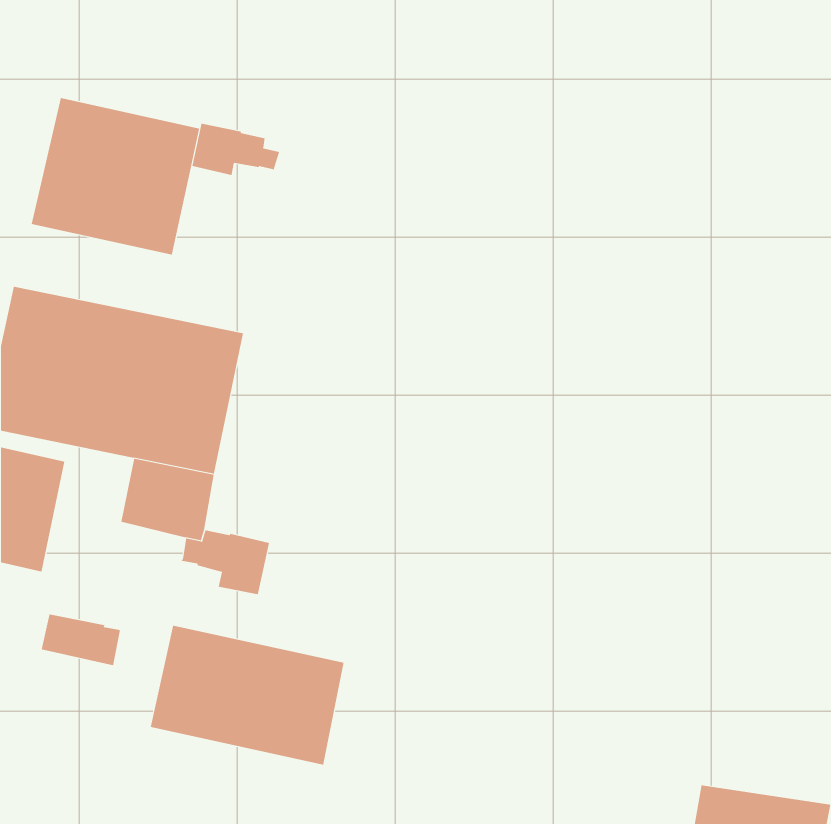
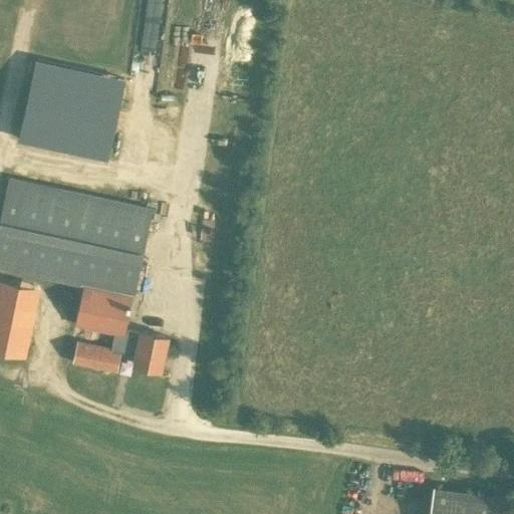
building: [192,123,280,176] -> none
building: [41,614,120,666] -> [72,342,121,374]
building: [150,625,344,765] -> none

